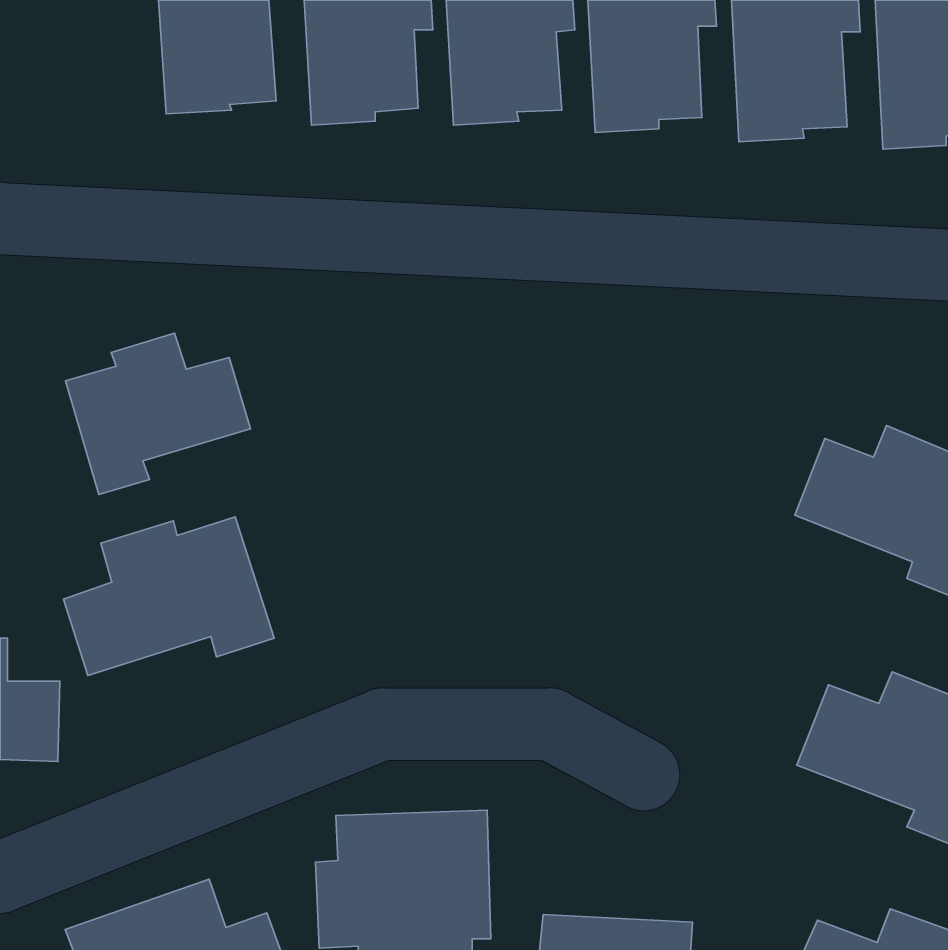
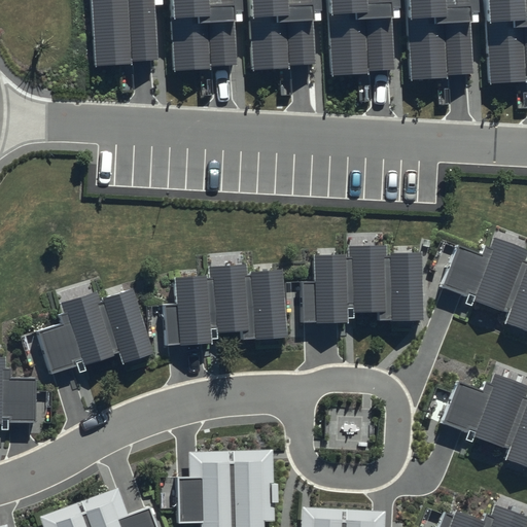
building: [65,333,251,494] -> none
building: none -> [311,245,424,324]
building: none -> [171,262,286,346]

